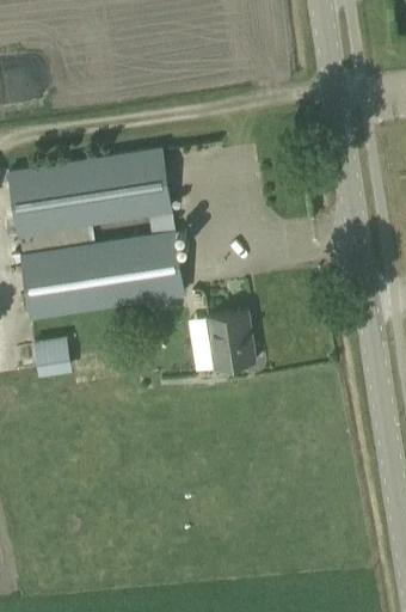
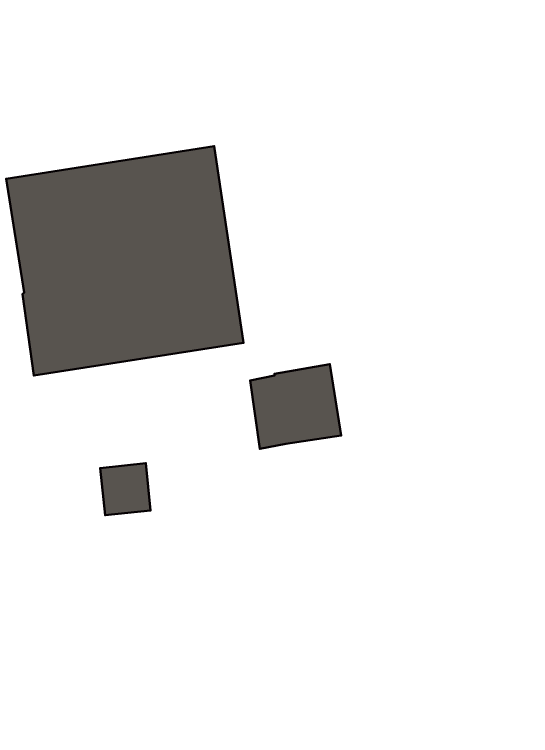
building: [33,338,70,377] -> [100,463,151,515]

